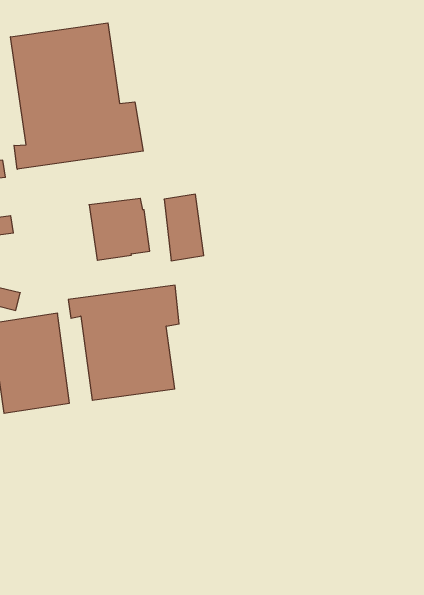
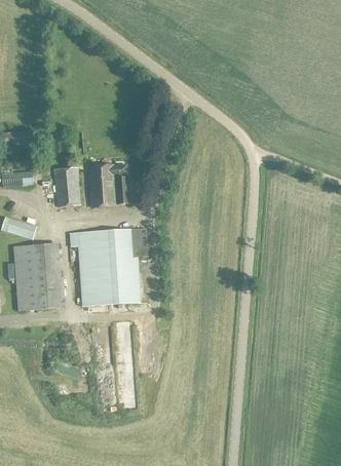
building: [11,23,143,169] -> none
building: [164,194,204,261] -> [53,160,79,206]

